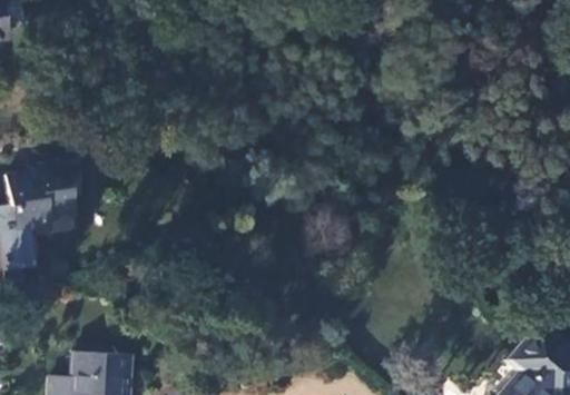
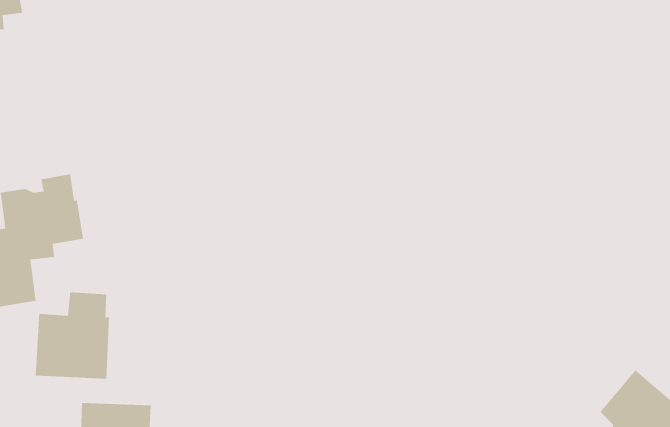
building: none -> [35,291,109,380]

